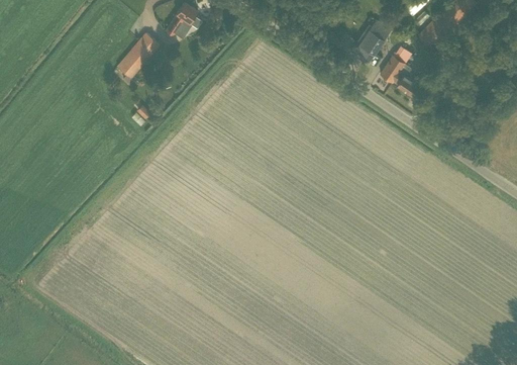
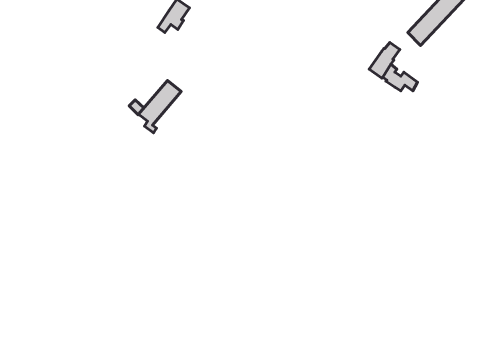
building: [352,20,391,65] -> none
building: [116,33,160,87] -> [139,80,181,133]

